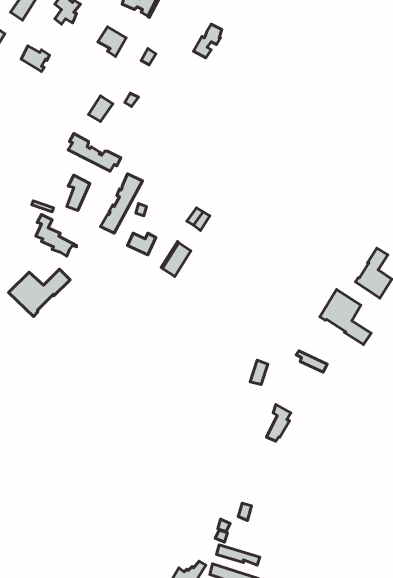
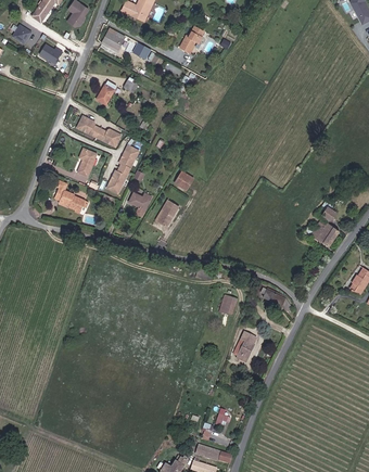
building: [9,269,70,316] -> none
building: [320,290,371,345] -> none

